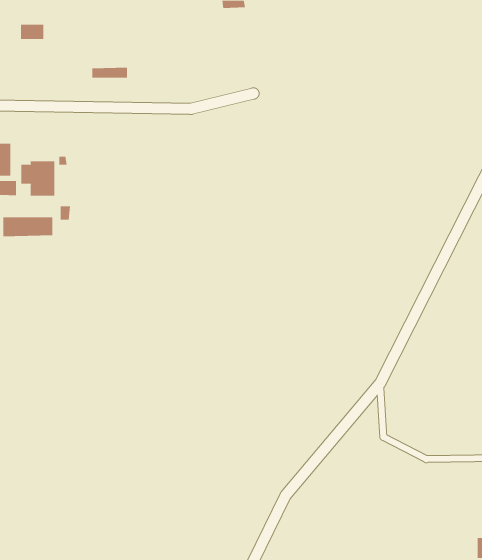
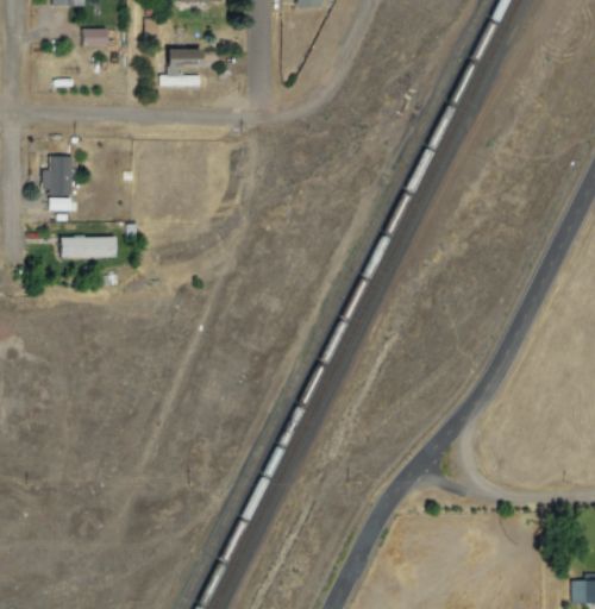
building: none -> [169,50,205,68]
building: [21,160,55,197] -> none

